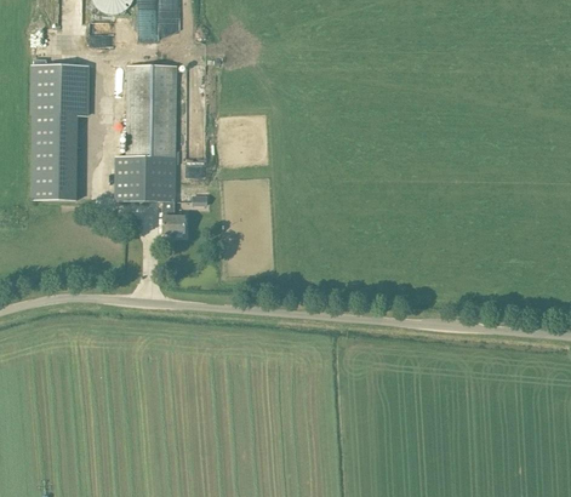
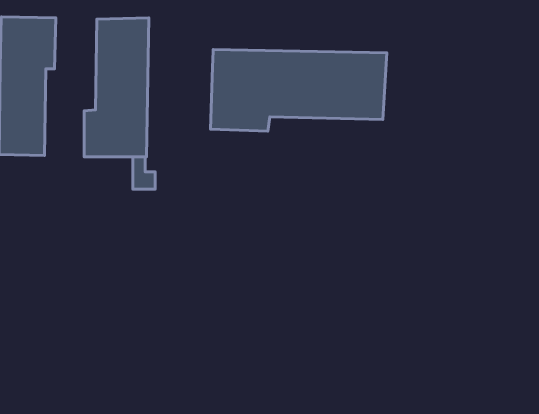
building: none -> [210,50,387,131]

